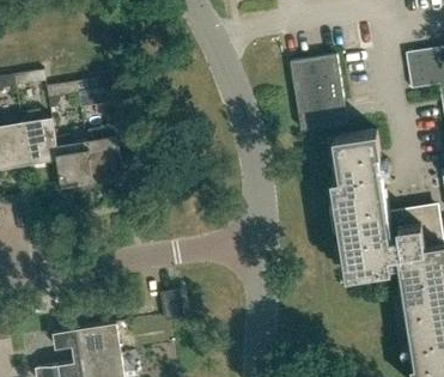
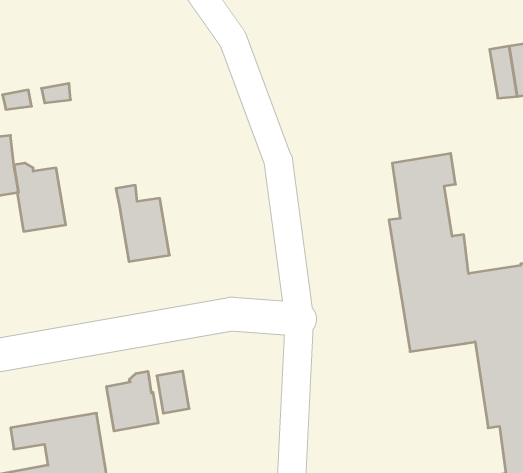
building: [288,55,342,132] -> none
building: [83,127,122,183] -> [116,185,170,262]
building: none -> [107,371,158,431]

